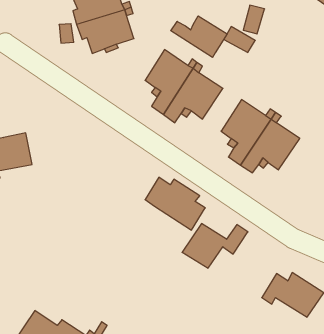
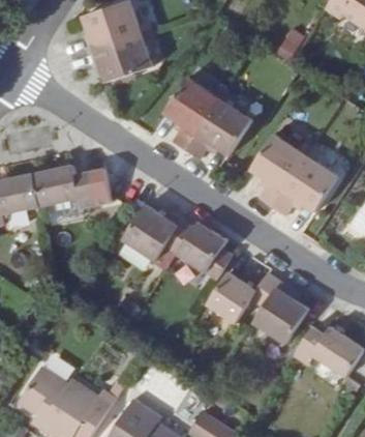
building: [171,16,227,57] -> none
building: none -> [31,162,95,205]
building: none -> [122,206,180,261]
building: none -> [253,281,308,342]

